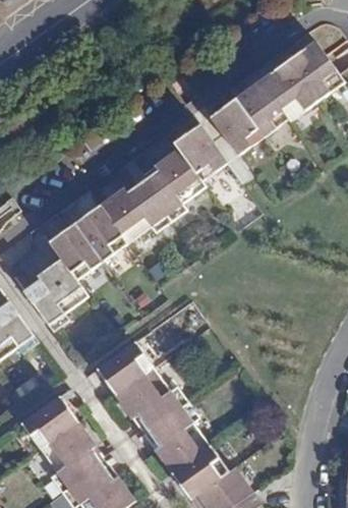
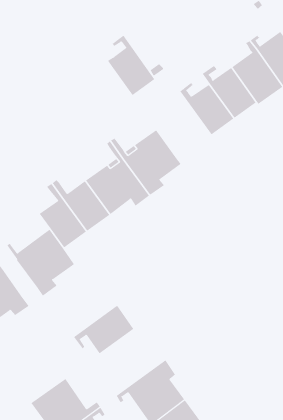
building: [174,113,227,180] -> [107,35,155,96]
building: [115,366,188,440] -> none
building: [21,387,79,448] -> none

